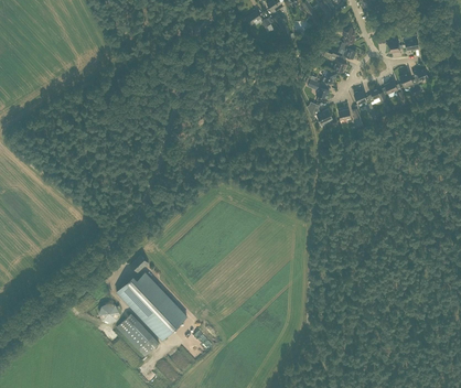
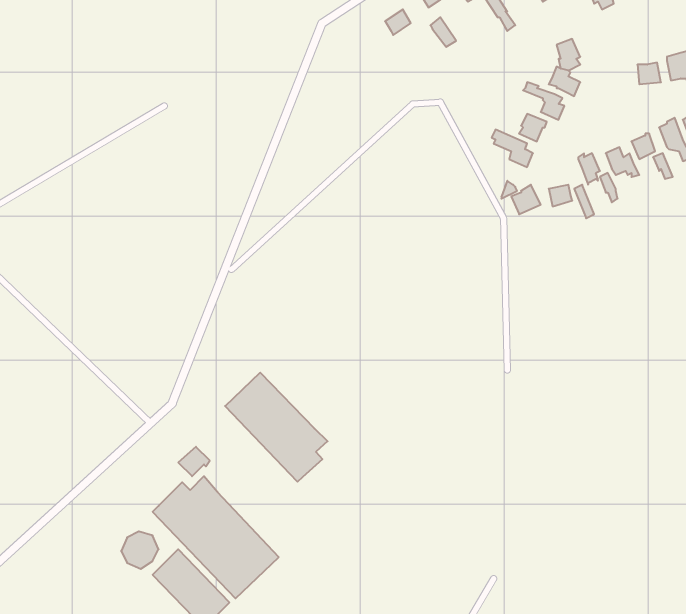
building: none -> [225,373,328,482]

